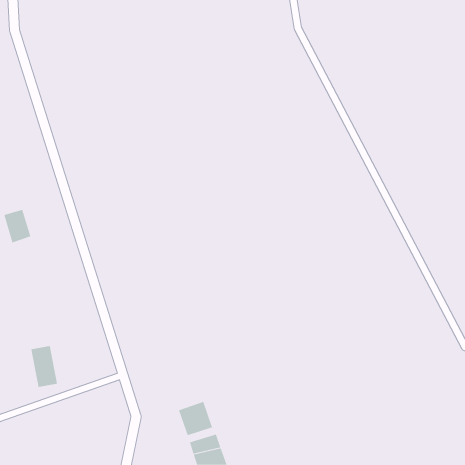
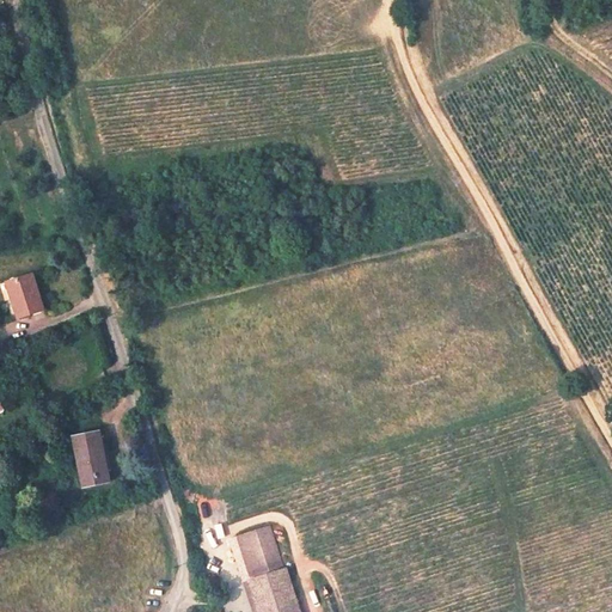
building: [31,346,58,388] -> [74,434,110,489]

